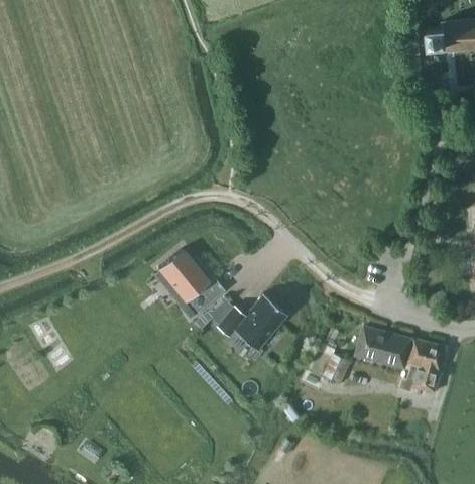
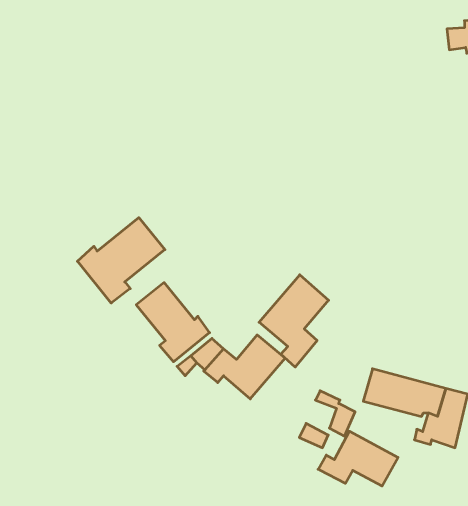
building: none -> [77,218,165,303]
building: none -> [259,275,329,367]
building: none -> [318,431,398,486]

